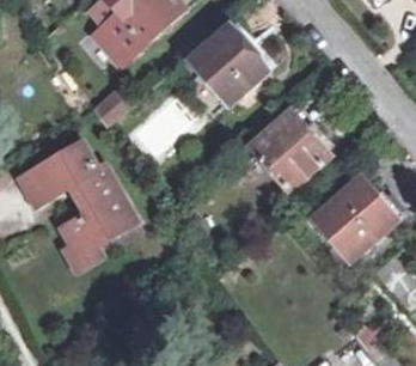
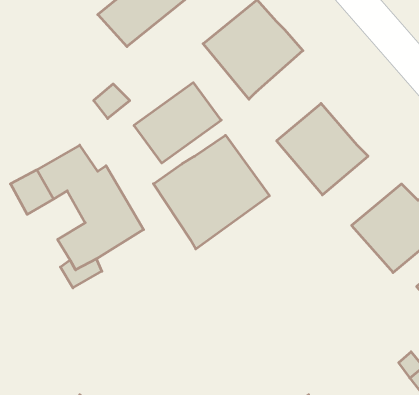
building: none -> [153,135,269,249]

